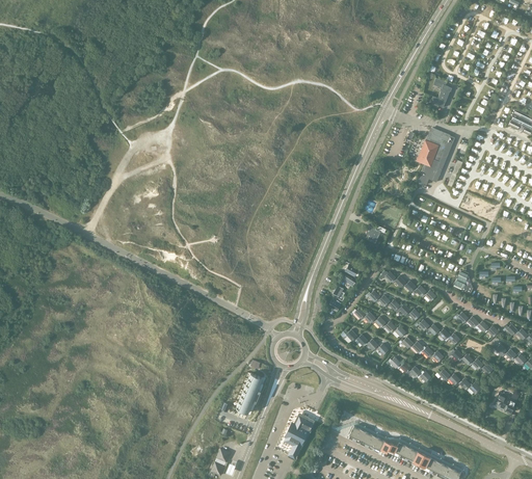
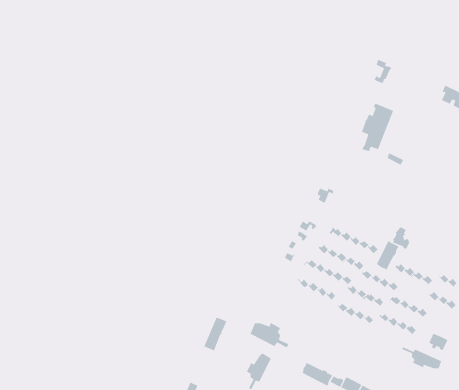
building: none -> [376,240,399,271]
building: none -> [250,322,289,348]
building: none -> [402,347,442,369]

